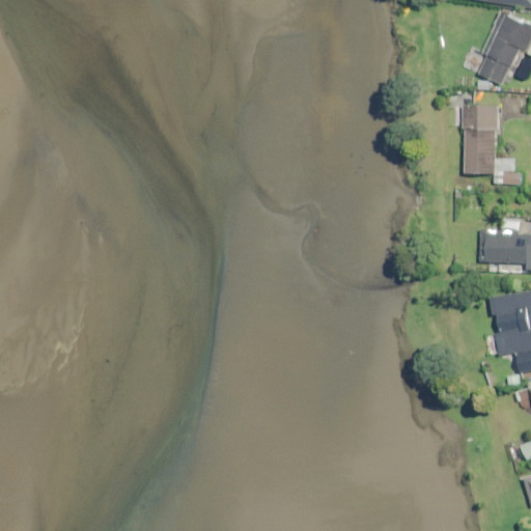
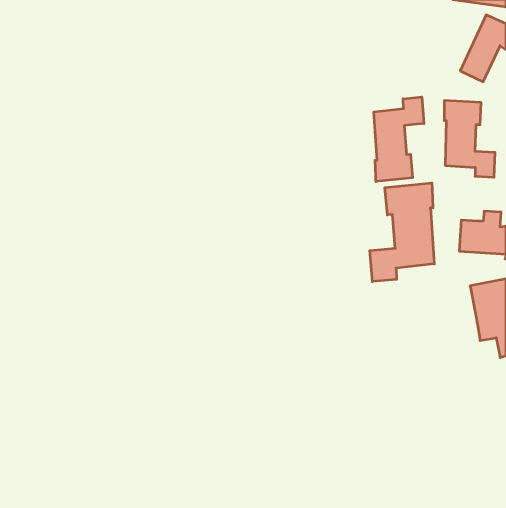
building: none -> [374,97,424,182]
building: none -> [370,183,434,282]

